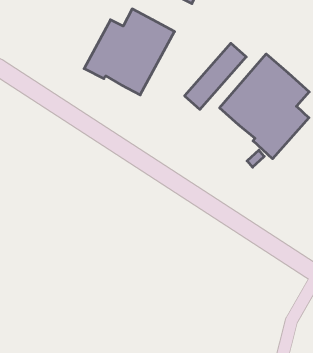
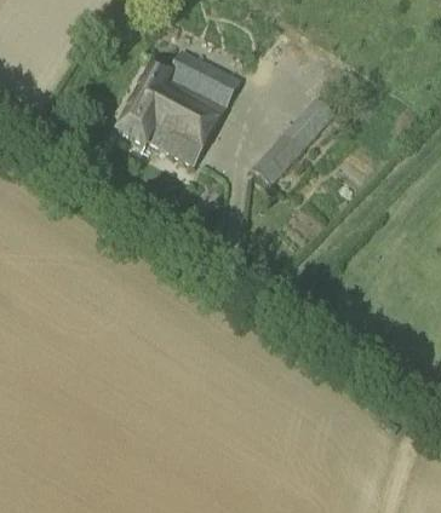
building: [220,54,309,159] -> none

